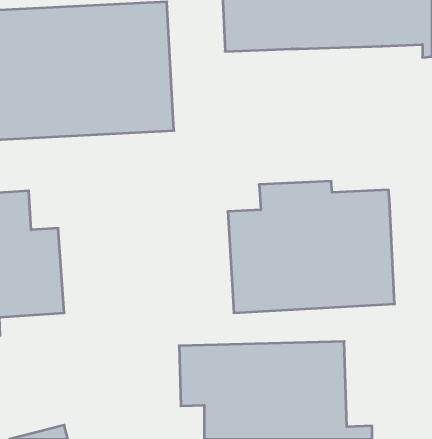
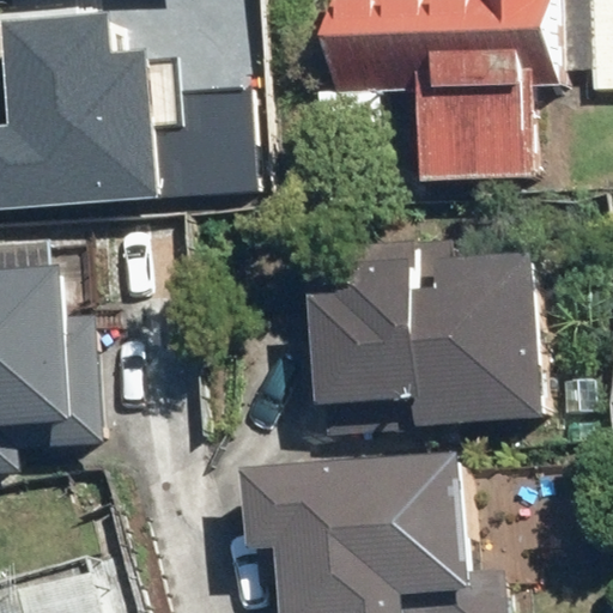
building: none -> [402,63,532,176]

